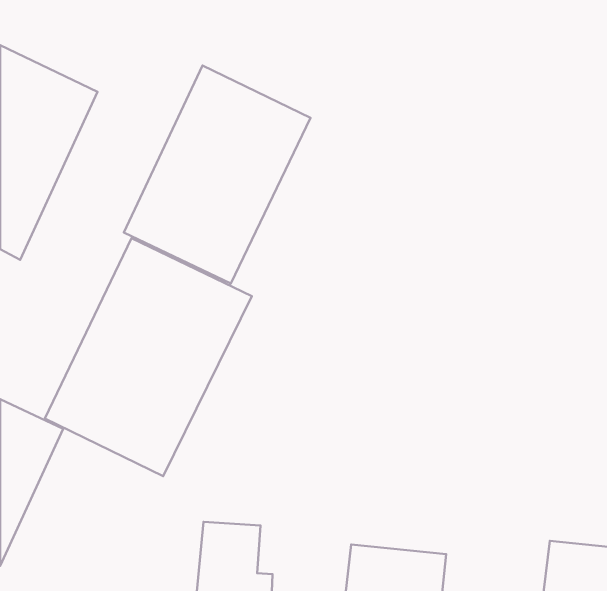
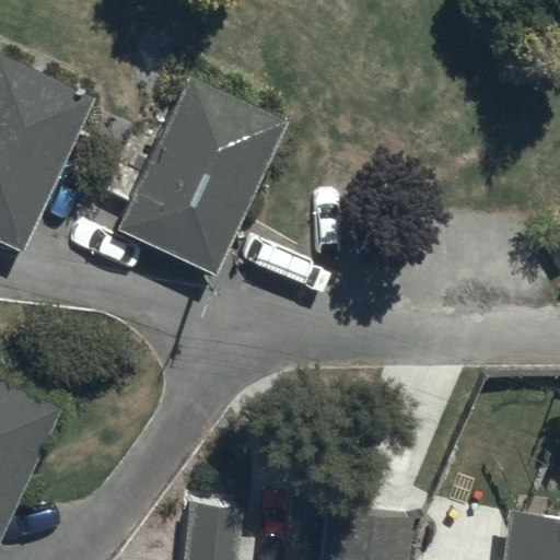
building: [45,238,252,476] -> none

